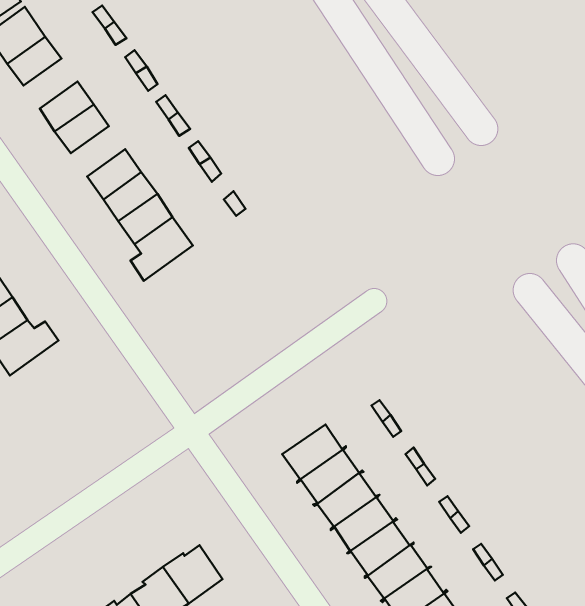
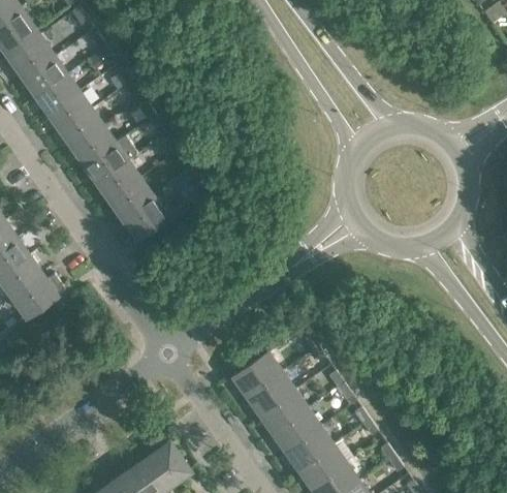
building: none -> [37,74,78,113]
building: none -> [73,126,115,164]

